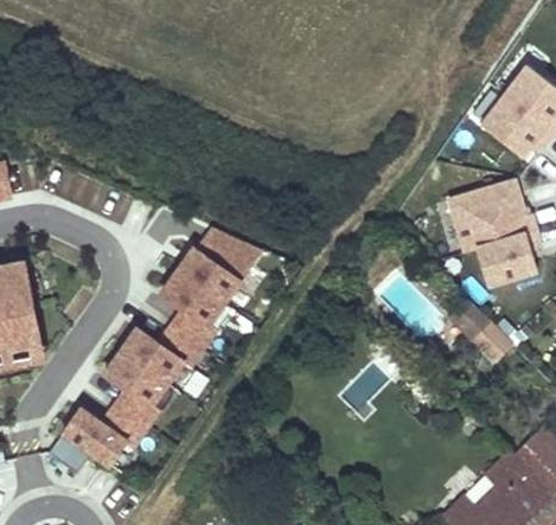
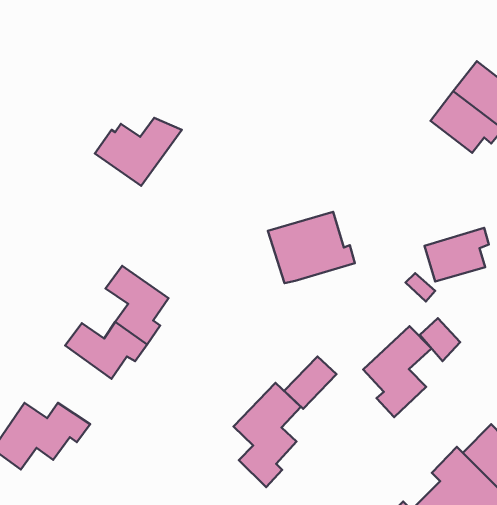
building: [450,183,537,254] -> [268,212,355,283]
building: [177,236,263,303] -> [95,118,182,186]
building: none -> [363,326,431,417]
building: [103,351,166,429] -> none
building: none -> [233,383,301,487]

